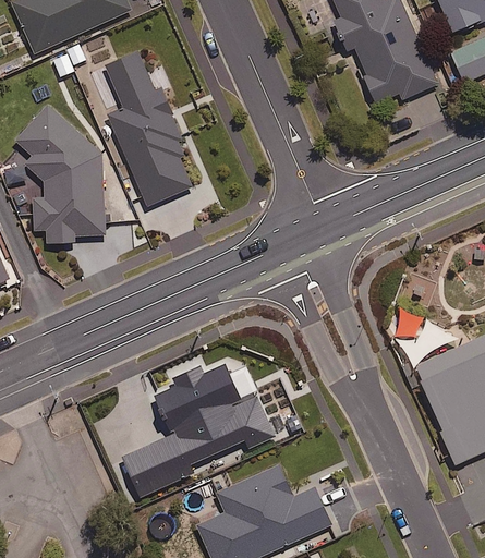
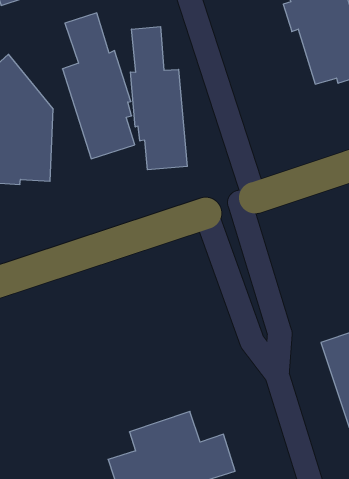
building: none -> [131,27,187,170]
building: [123,362,277,505] -> none

